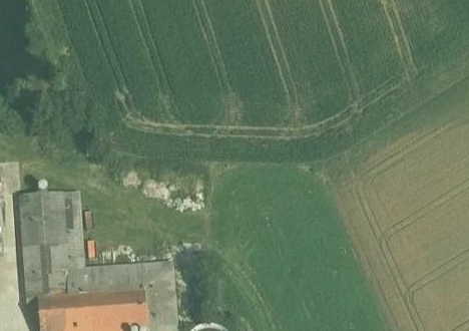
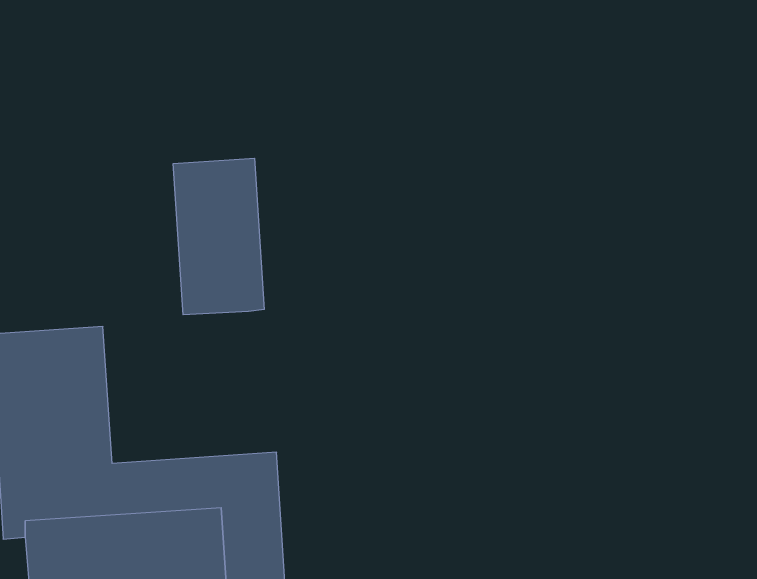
building: none -> [173,158,264,315]

